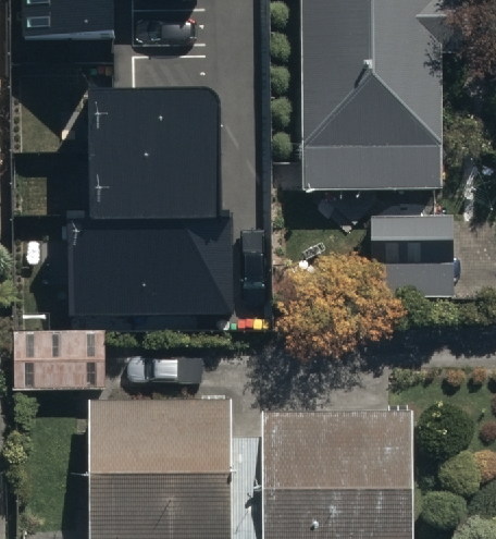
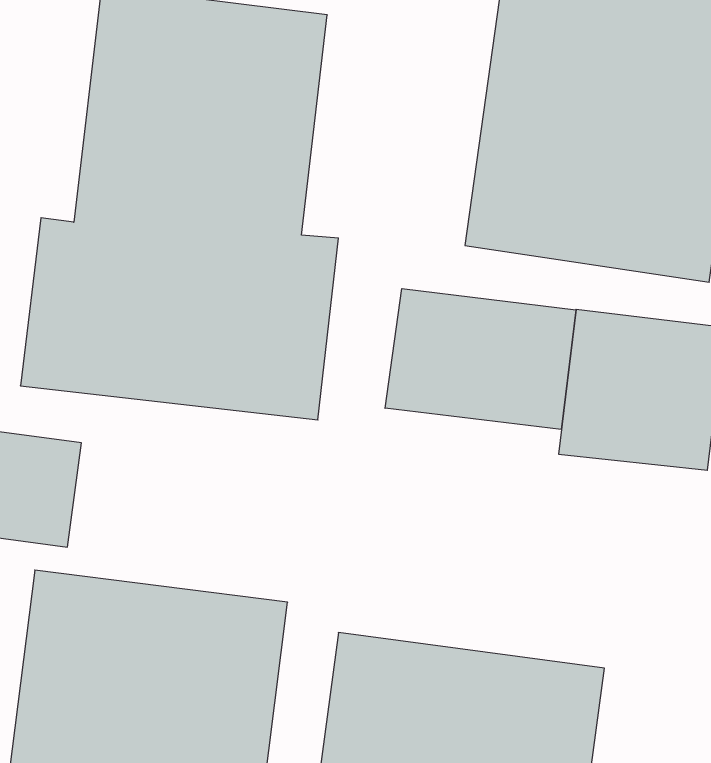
building: none -> [385,289,576,429]

